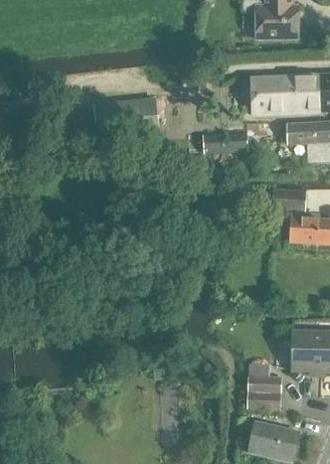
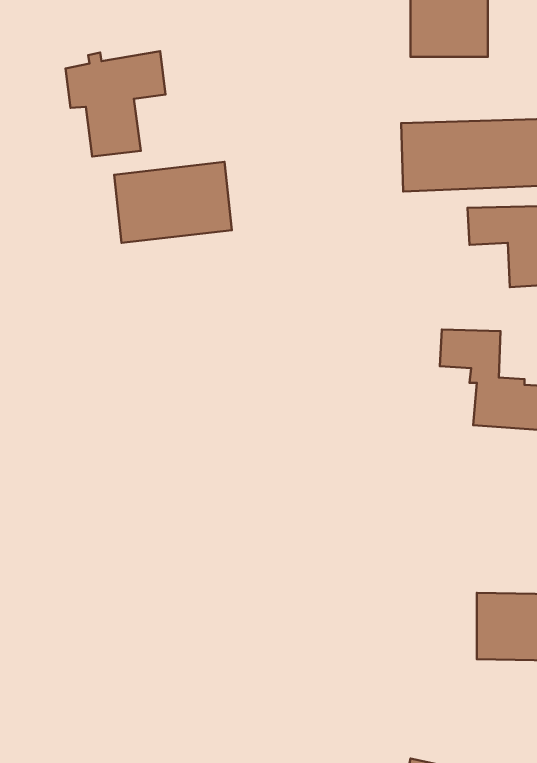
building: none -> [66,51,166,157]
building: [202,132,246,154] -> none
building: [248,364,281,409] -> none

